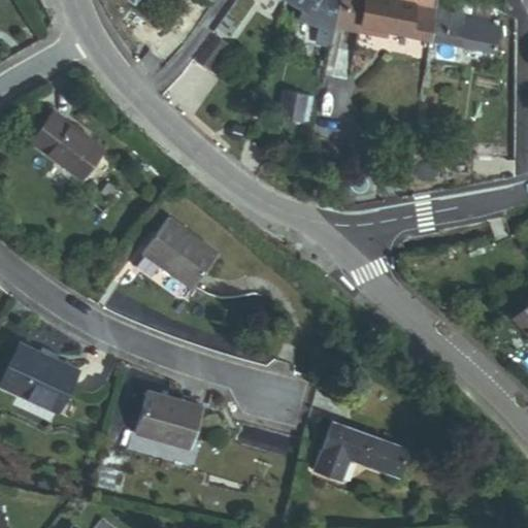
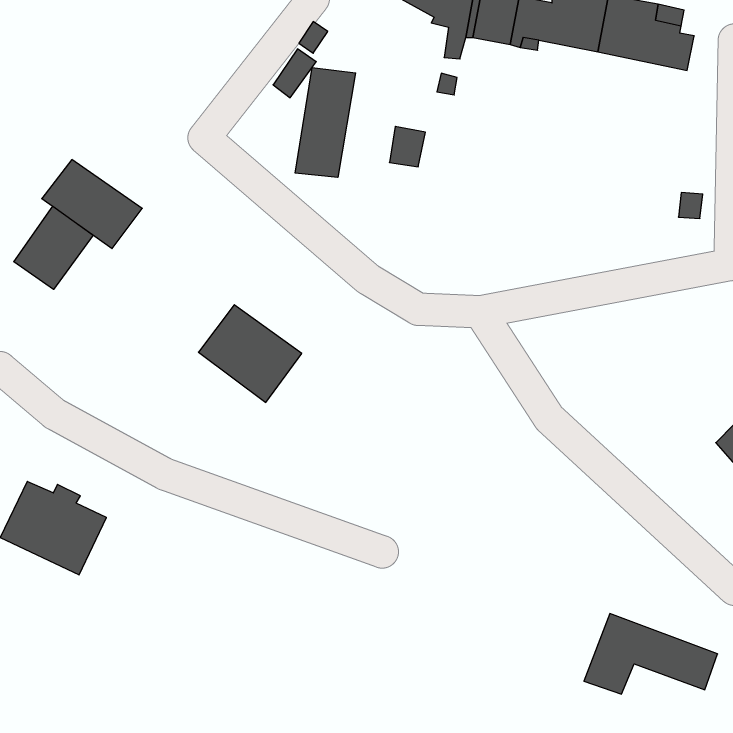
building: none -> [295,67,356,177]
building: none -> [14,206,93,289]
building: [135,392,201,450] -> none
building: [314,423,409,481] -> [584,614,718,694]

